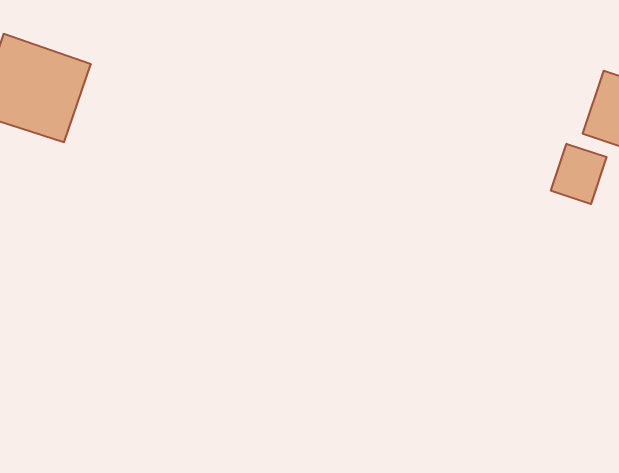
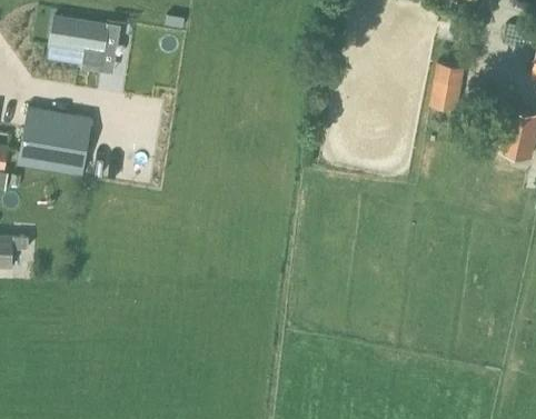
building: [551,144,607,204] -> none

